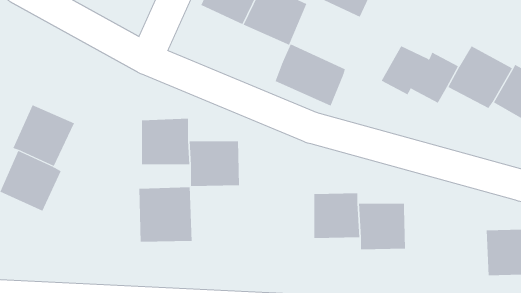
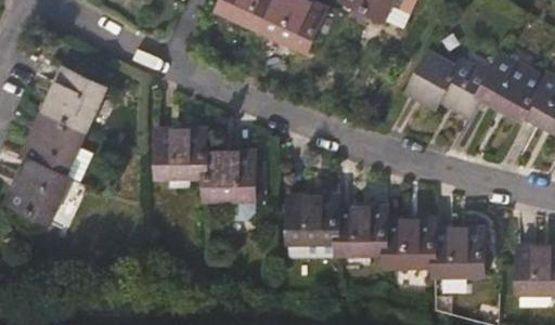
building: [275,43,346,106] -> none
building: none -> [40,67,106,134]
building: none -> [285,196,334,244]
building: [139,187,192,243] -> none
building: none -> [429,223,486,275]

